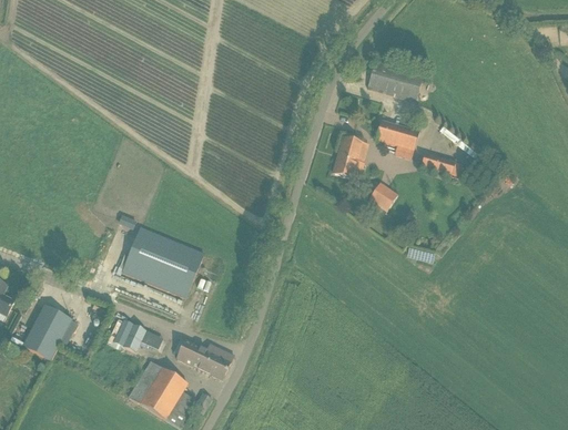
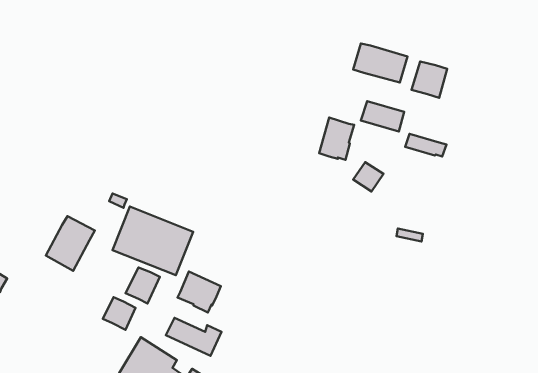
building: none -> [411,62,447,98]
building: none -> [126,267,160,304]
building: none -> [177,271,221,312]
building: [22,306,72,361] -> [46,216,95,271]

